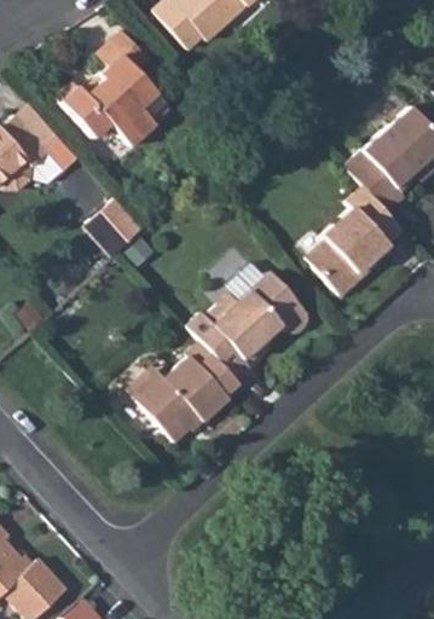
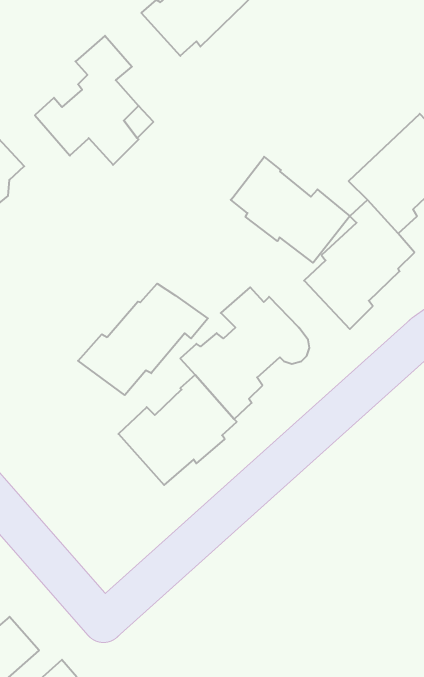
building: none -> [231,157,350,263]
building: [89,201,144,259] -> none
building: none -> [78,284,208,395]

